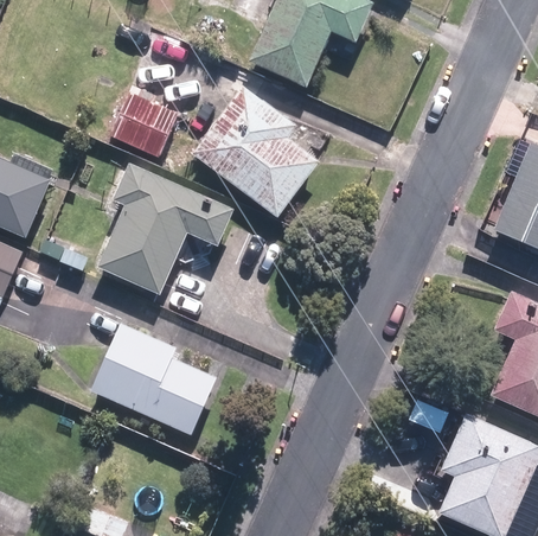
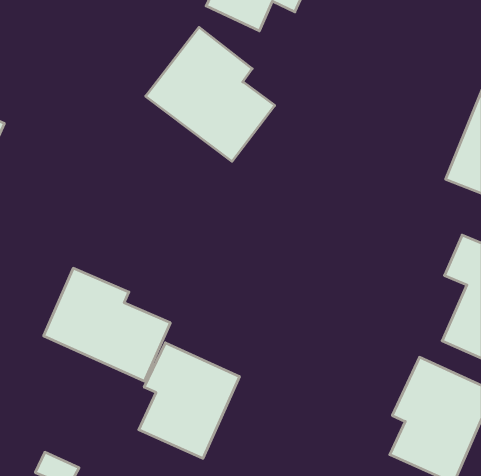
building: [116,95,177,159] -> none
building: [100,160,236,293] -> none
building: none -> [139,343,239,458]

